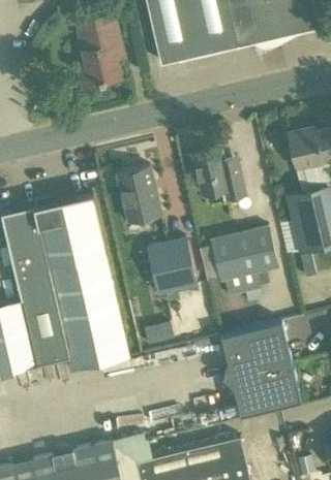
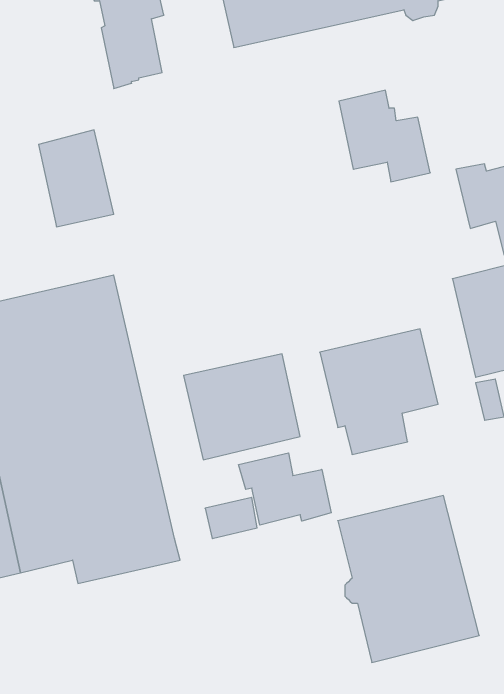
building: [193,150,246,202] -> [339,90,430,182]
building: [118,166,161,222] -> [39,130,114,227]
building: none -> [239,453,331,525]

